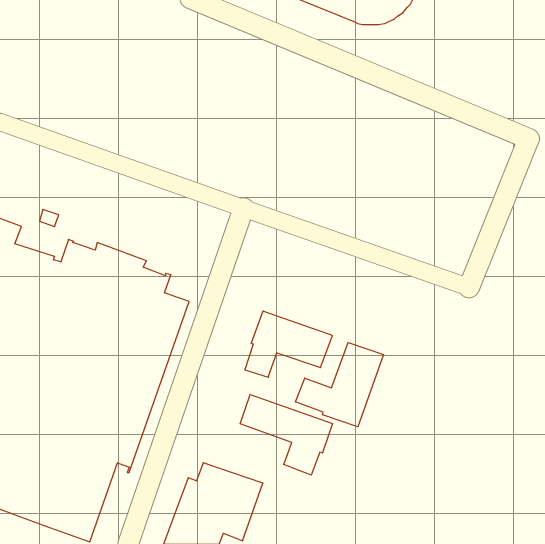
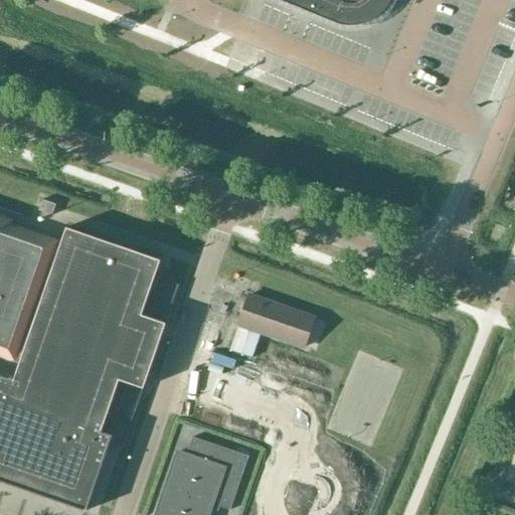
building: [295,343,383,427] -> none
building: [240,394,332,475] -> none

